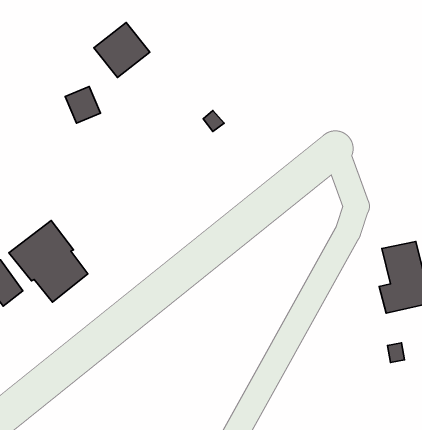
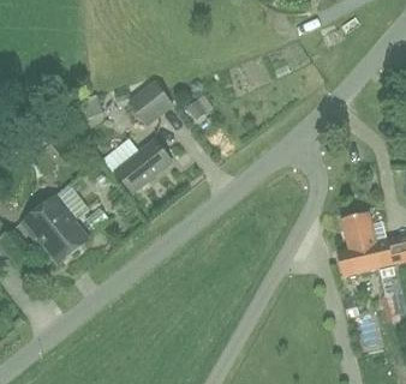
building: [94,22,150,77] -> [127,80,175,127]
building: none -> [117,139,173,193]

